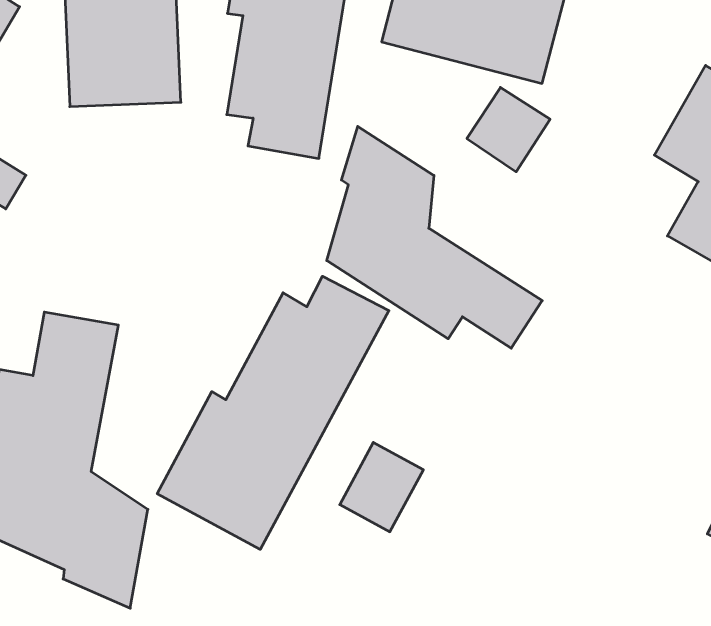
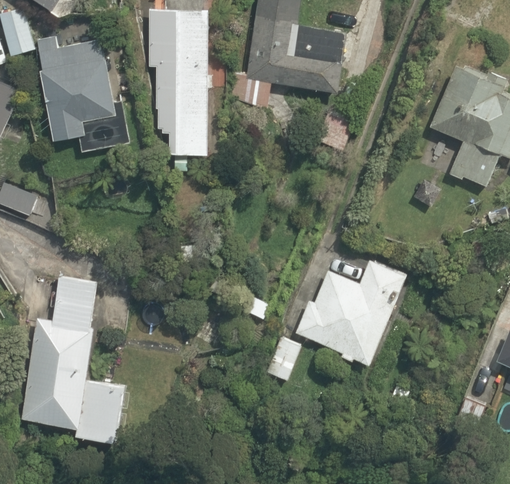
building: [327,126,542,348] -> none
building: [157,276,389,549] -> none
building: none -> [293,260,412,372]

